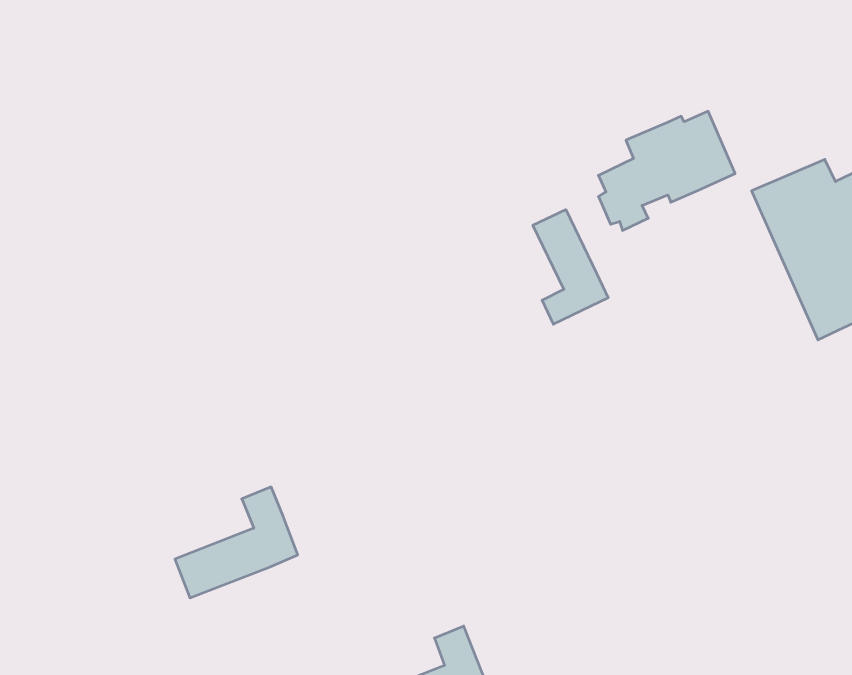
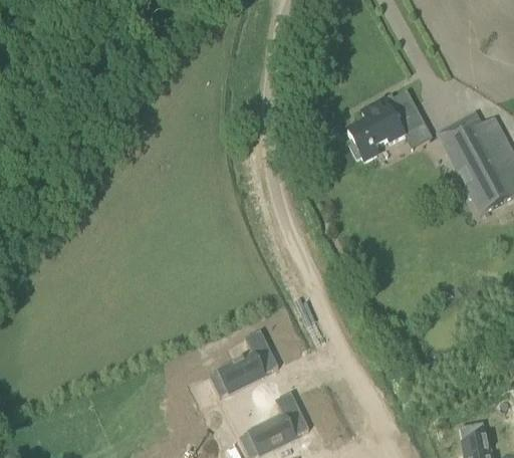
building: [533,210,608,324] -> none
building: [175,487,298,598] -> [209,330,278,397]

